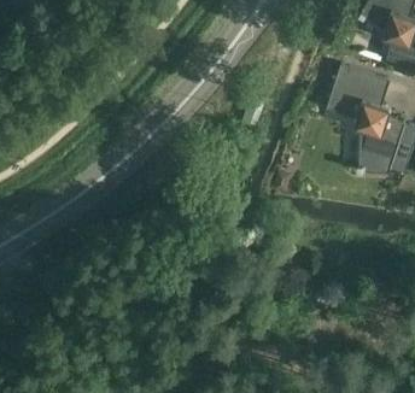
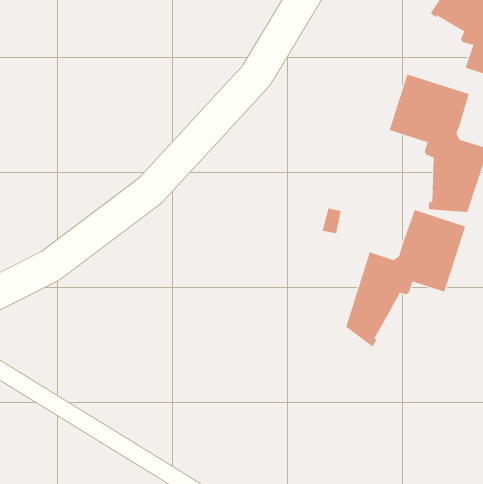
building: none -> [346,209,466,347]

